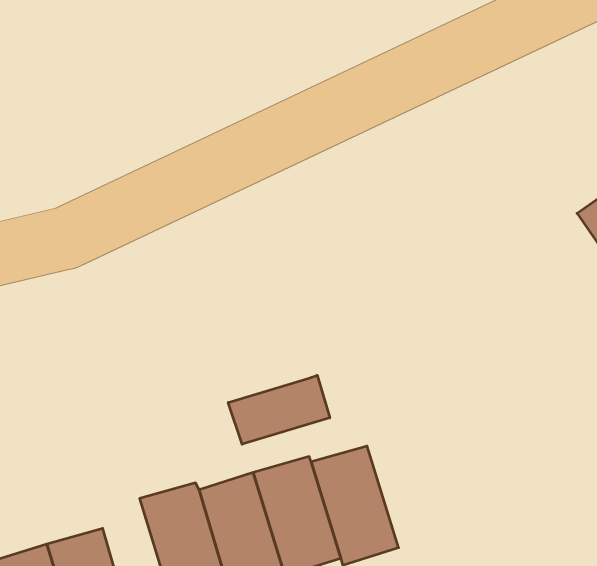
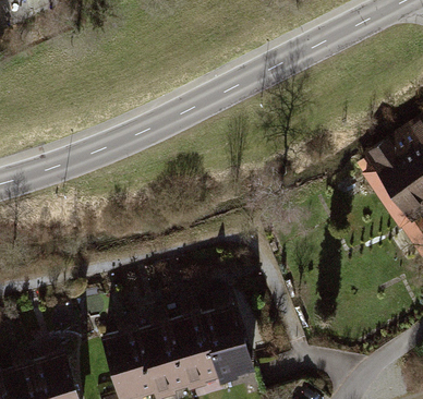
building: [228,375,330,444] -> none

